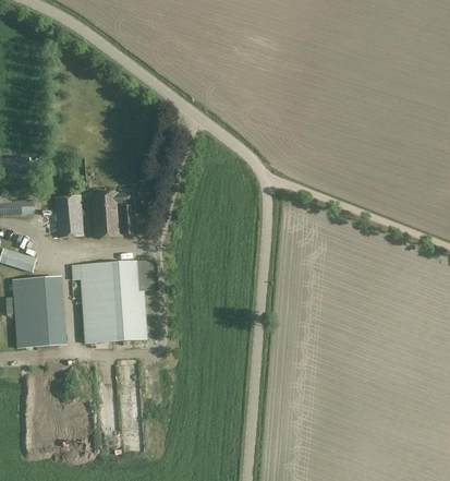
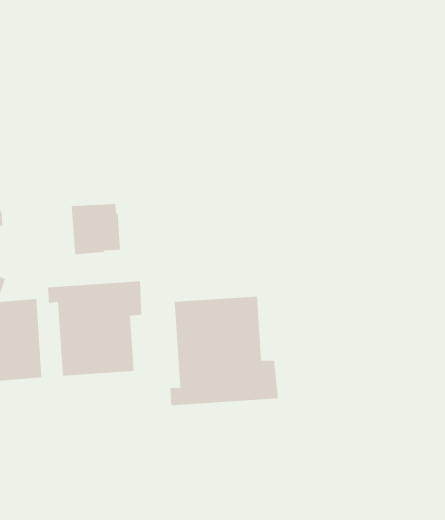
building: [56,188,83,237] -> none
building: none -> [170,296,278,406]

